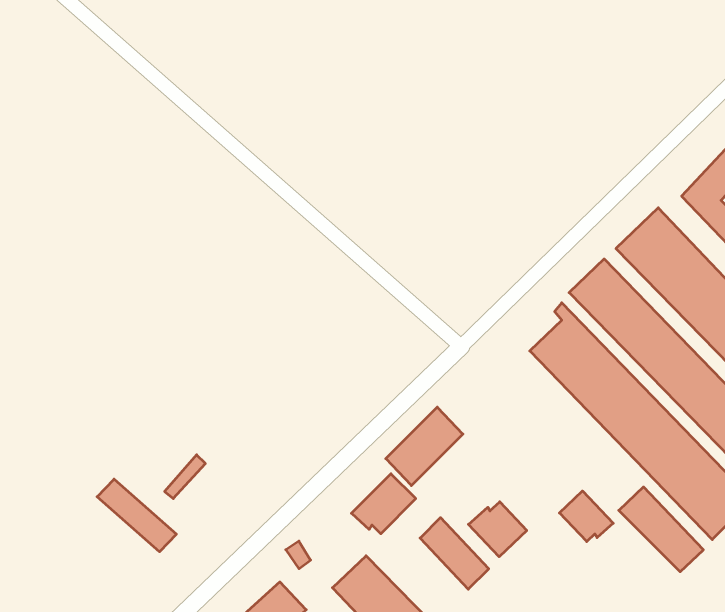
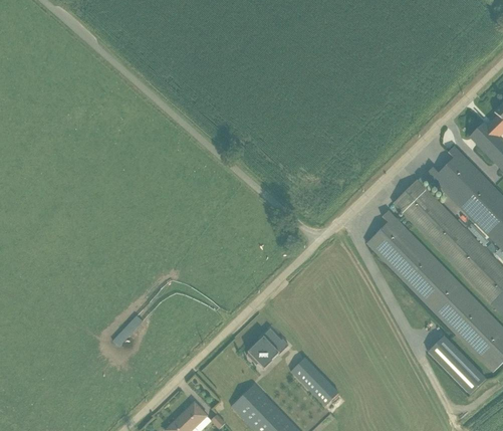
building: [386,407,463,486] -> none
building: [97,479,176,552] -> none
building: [559,491,613,542] -> none
building: [468,502,527,557] -> none

